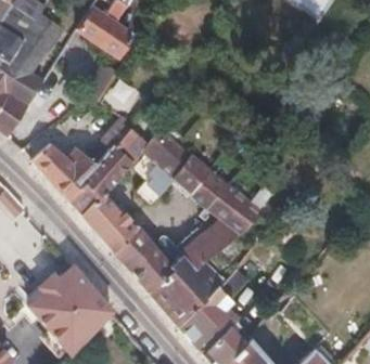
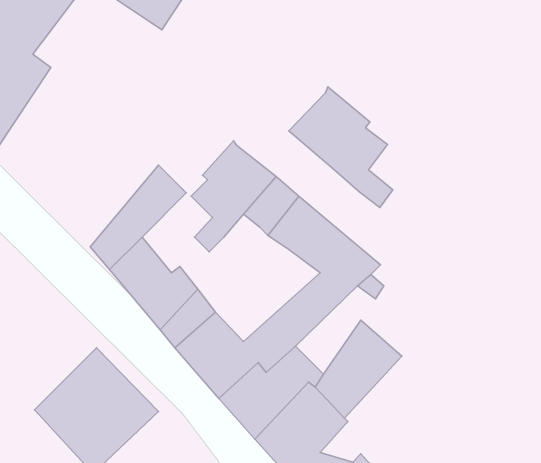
building: none -> [289,87,393,208]
building: [31,122,127,200] -> none

